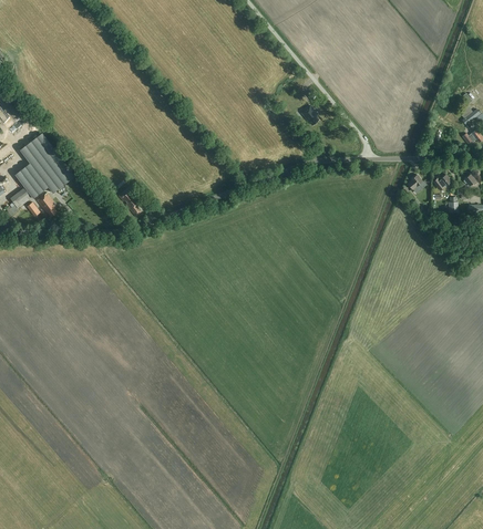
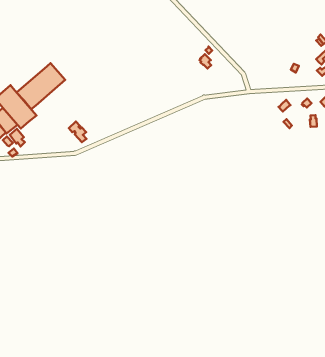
building: none -> [17,63,65,109]

